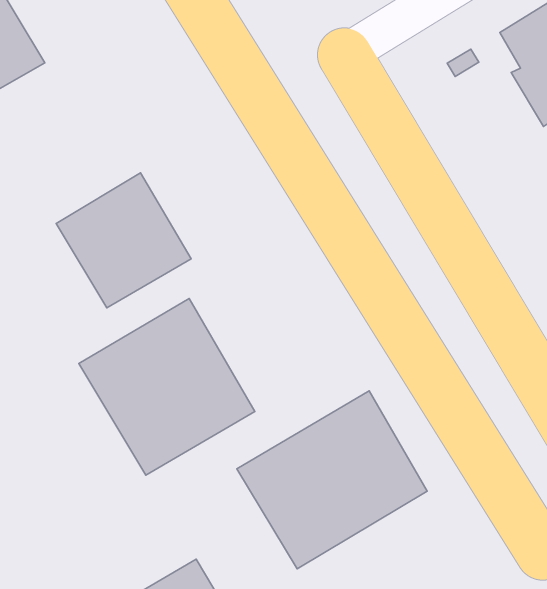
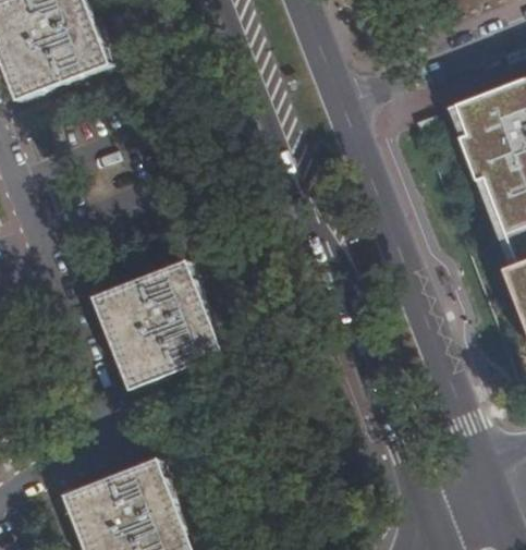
building: [56,173,191,308] -> none
building: [237,391,427,569] -> none

